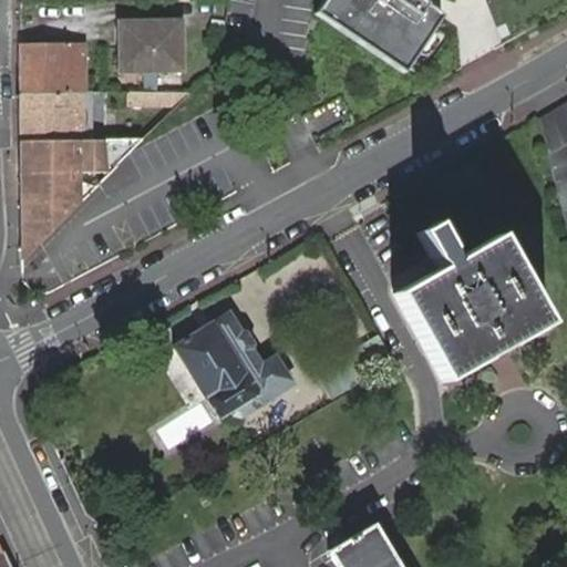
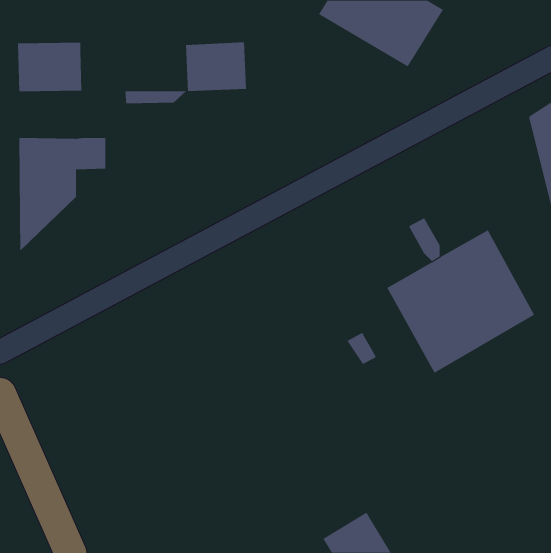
building: [118,20,182,71] -> [185,42,247,91]
building: [21,93,95,142] -> none
building: [176,313,290,414] -> none

